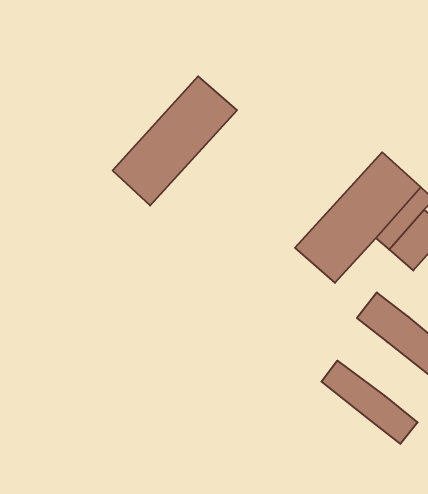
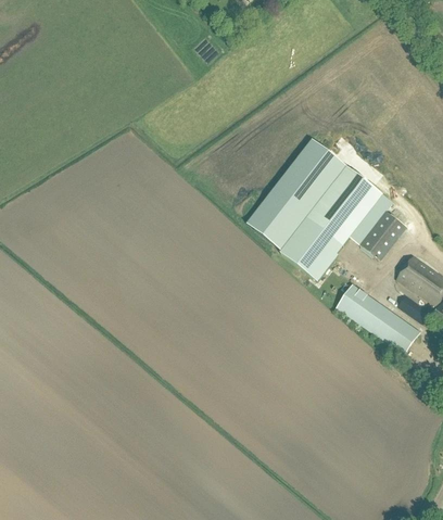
building: [113,76,237,206] -> [246,140,347,252]
building: [321,361,418,444] -> none

